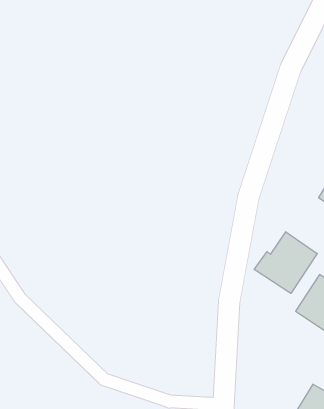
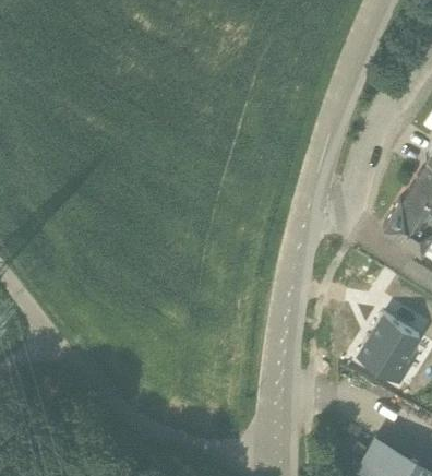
building: [254,232,317,293] -> none

